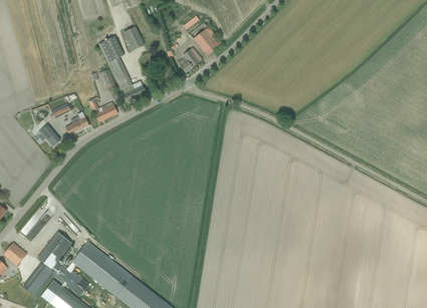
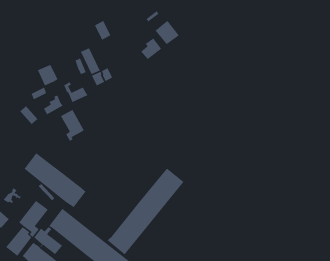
building: [98,36,124,62] -> [37,64,59,87]
building: none -> [60,109,85,142]
building: none -> [23,152,87,208]
building: none -> [107,168,185,257]

